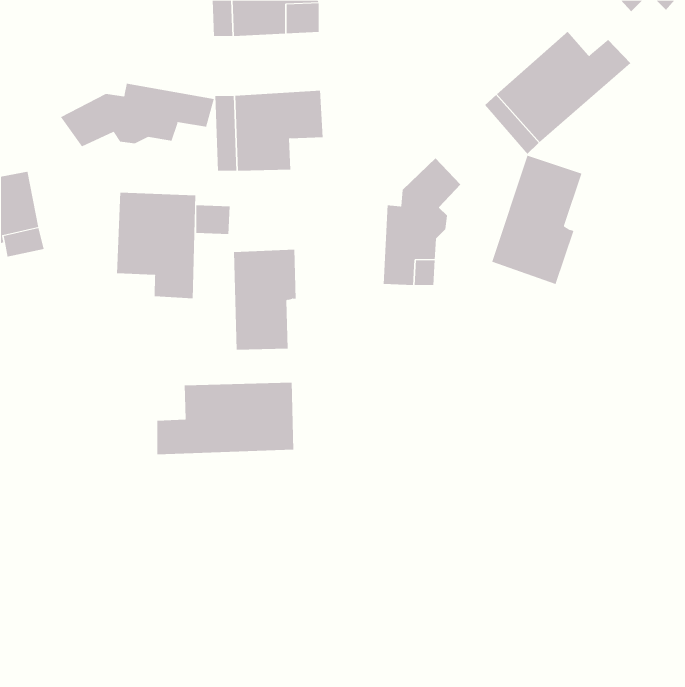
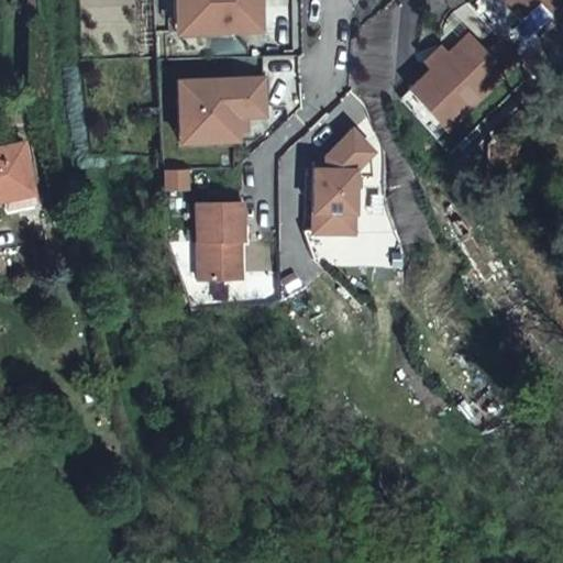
building: [60,83,214,147] -> none
building: [491,155,582,285] -> none
building: [117,192,196,299] -> none
building: [157,382,294,455] -> none

